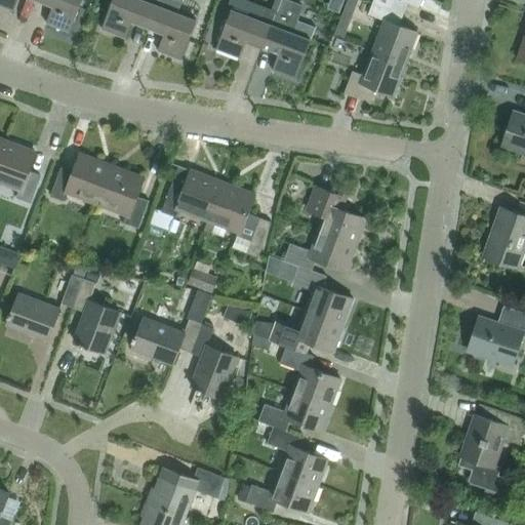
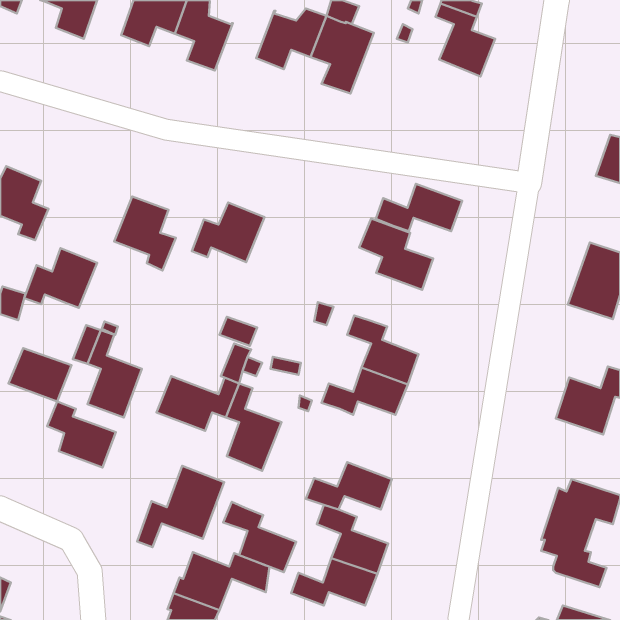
building: [345,50,406,104] -> none
building: [50,154,112,204] -> [24,248,97,308]
building: [208,184,271,257] -> none
building: [284,231,357,271] -> [376,184,462,231]
building: none -> [47,402,116,468]
building: [280,346,341,405] -> [223,502,296,572]
building: none -> [137,466,224,547]

